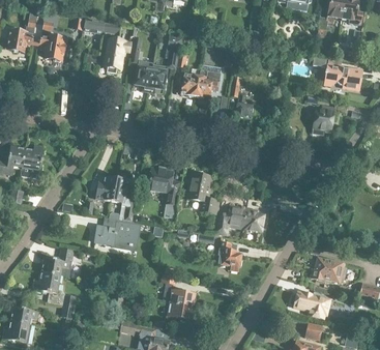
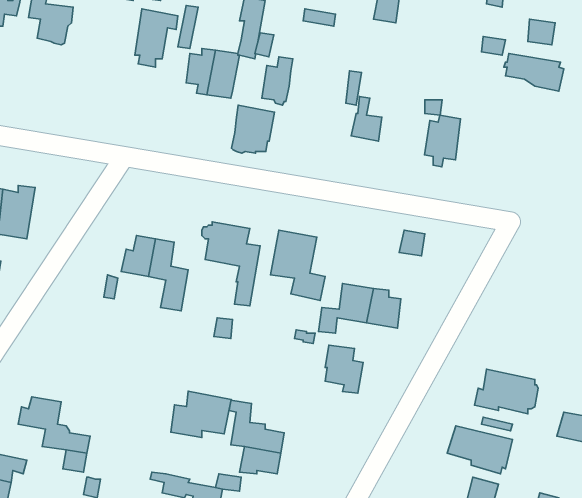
building: [195,68,221,97] -> [231,105,274,153]
building: [313,104,334,135] -> [425,115,461,167]
building: [94,216,130,244] -> [171,391,231,437]
building: [41,245,74,275] -> none

